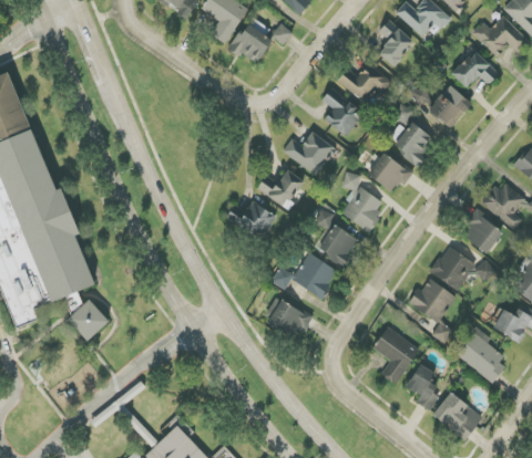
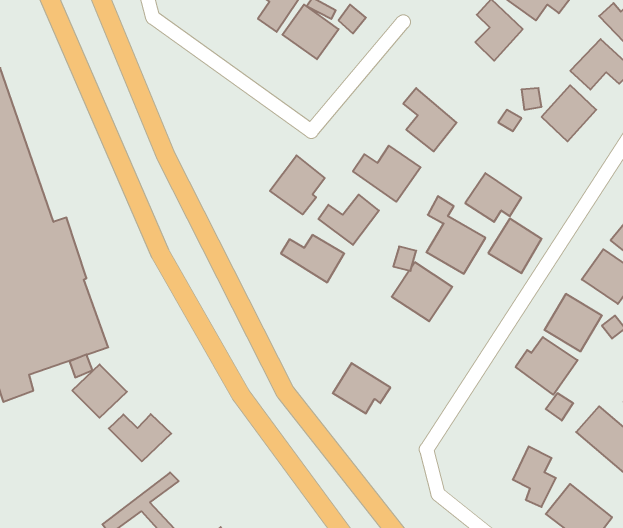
building: [336,62,392,101] -> none
building: [392,122,433,164] -> [488,219,542,273]
building: none -> [270,155,325,214]
building: [270,252,338,299] -> none
building: [372,326,419,384] -> none
building: none -> [109,414,171,461]

